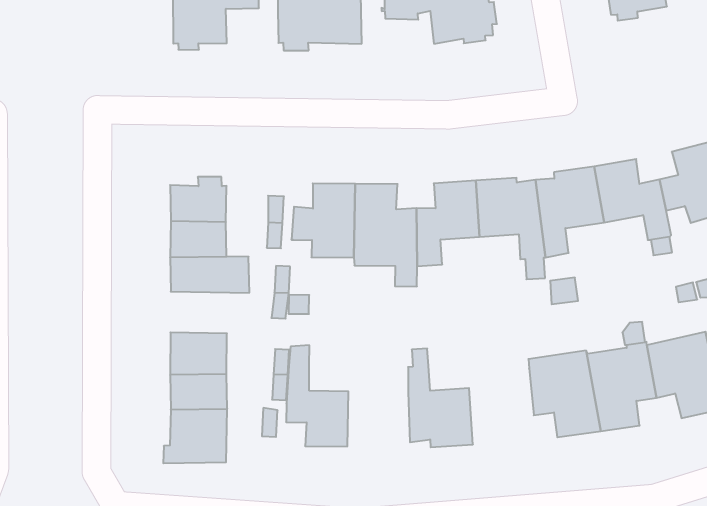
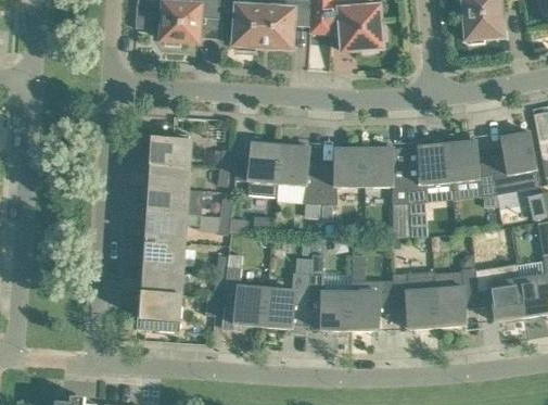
building: none -> [145,211,202,242]
building: none -> [263,273,308,329]
building: none -> [349,279,393,330]

